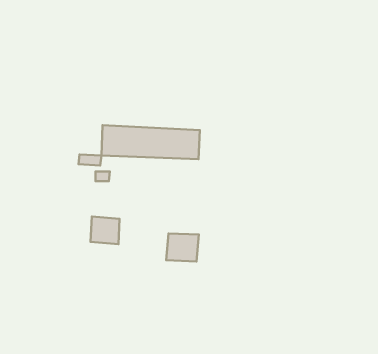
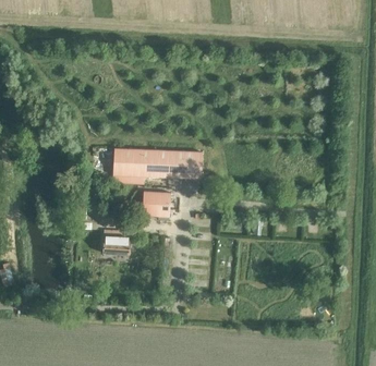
building: [166,233,199,261] -> [142,192,171,217]

